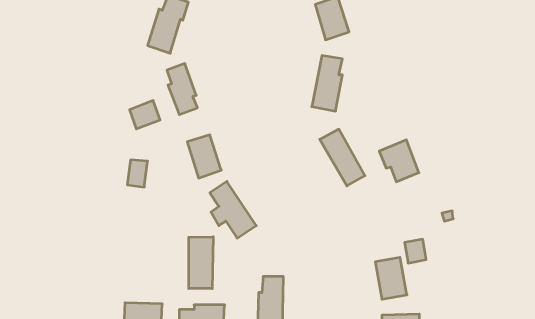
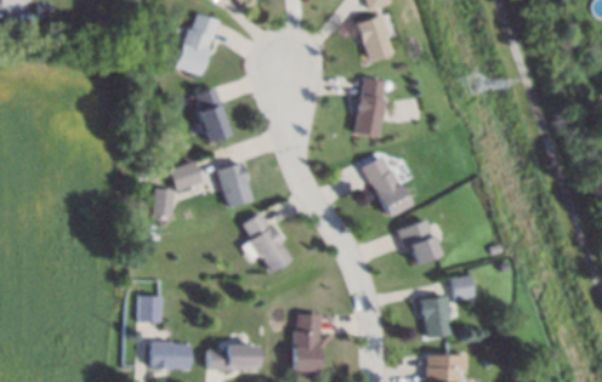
building: [130,101,160,129] -> [171,160,204,190]
building: [379,140,419,182] -> [398,219,441,264]
building: [189,237,213,289] -> none
building: none -> [141,295,165,324]

